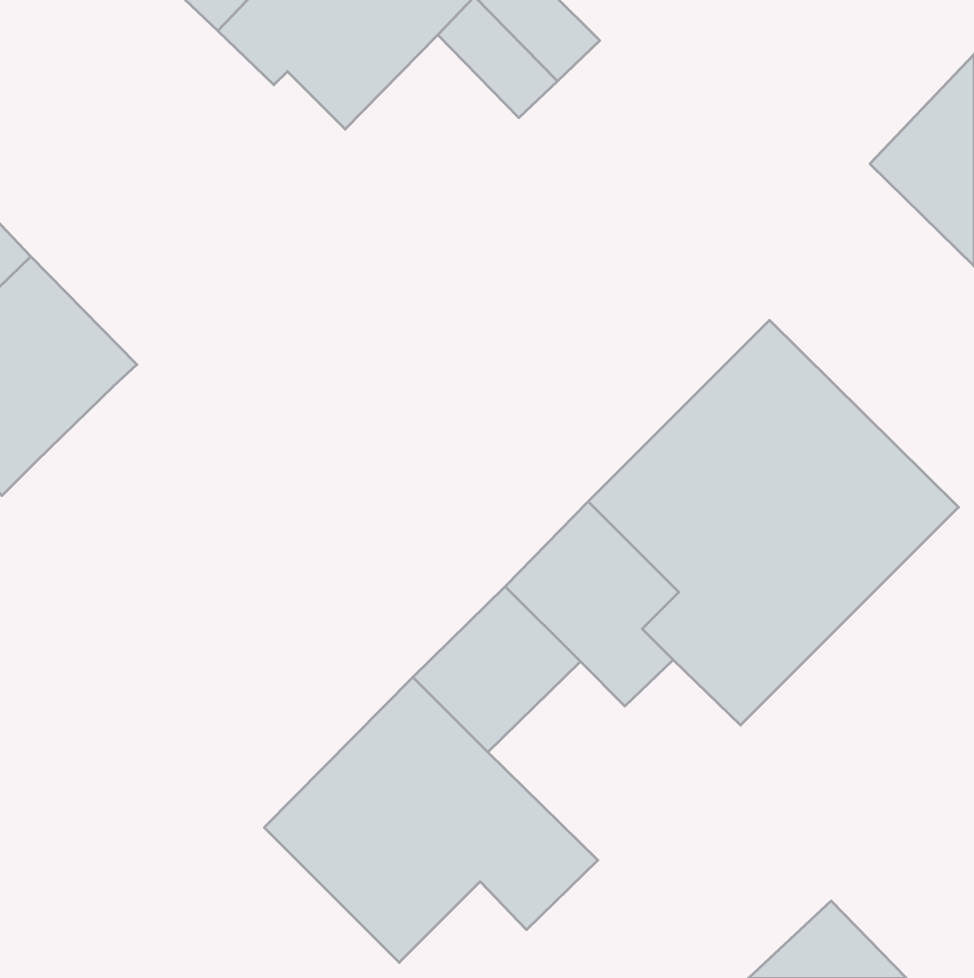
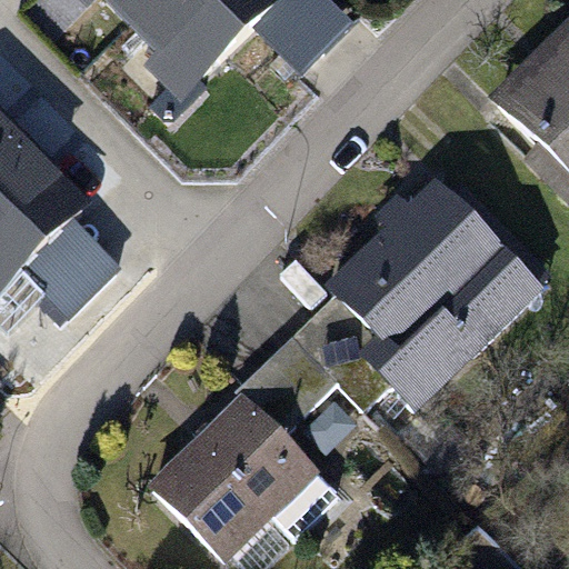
building: none -> [21,222,111,311]

